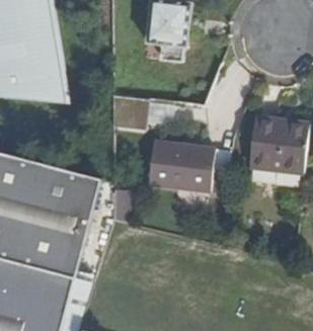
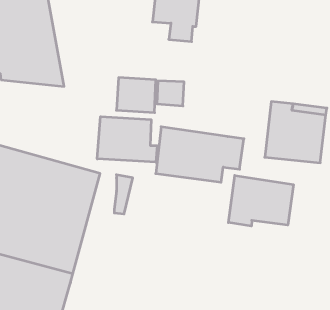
building: none -> [97,117,157,162]
building: none -> [228,175,293,226]

